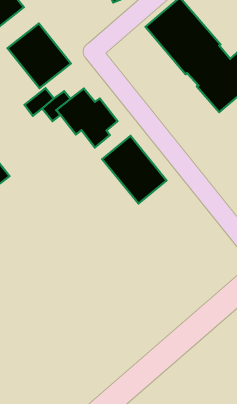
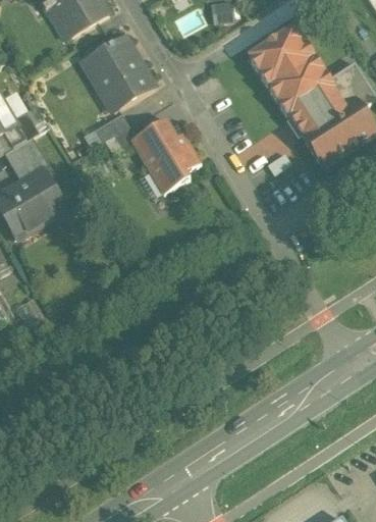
building: [102,136,167,204] -> none

